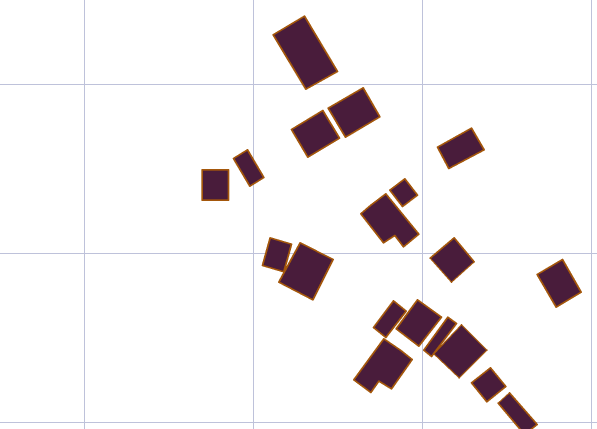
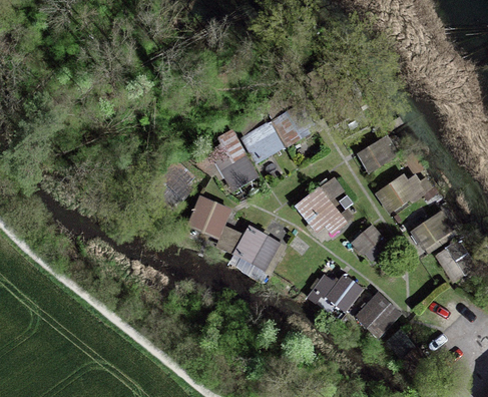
building: [273,16,337,89] -> [205,130,257,188]
building: none -> [377,175,423,211]
building: none -> [188,197,227,236]
building: none -> [410,211,453,248]
building: [354,339,412,393] -> none

